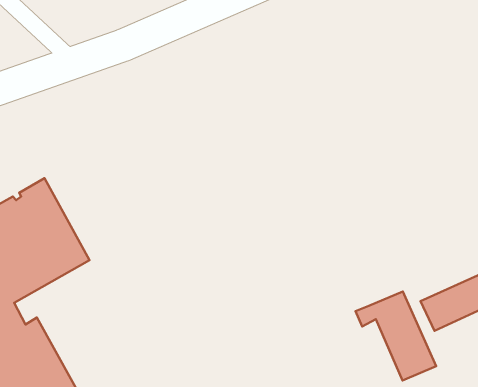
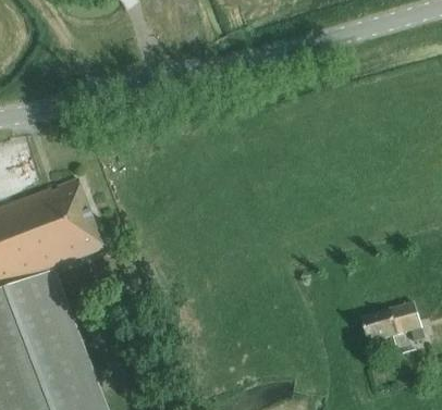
building: [355,292,436,381] -> none

